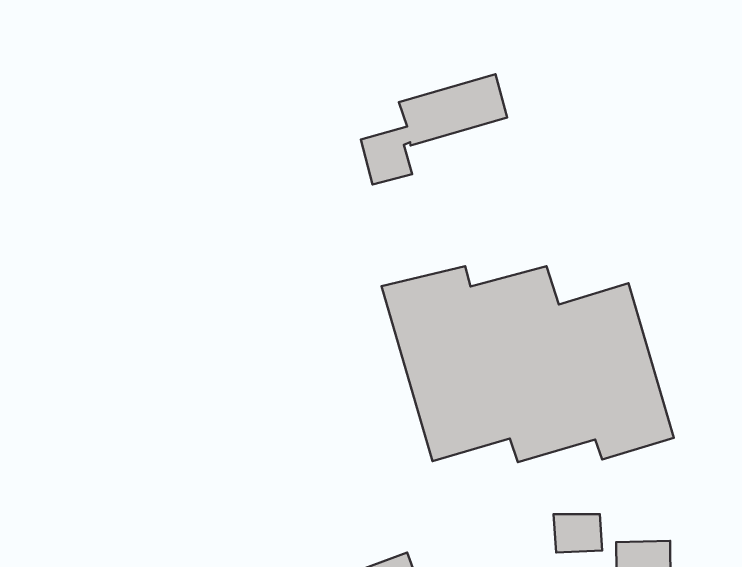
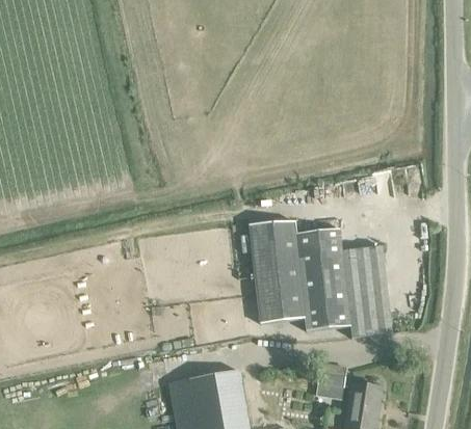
building: [361,74,507,184] -> none

